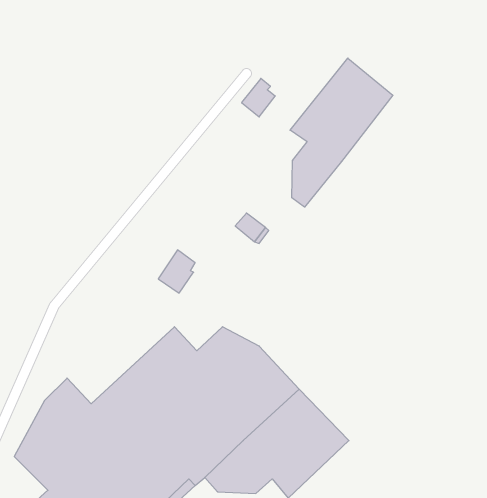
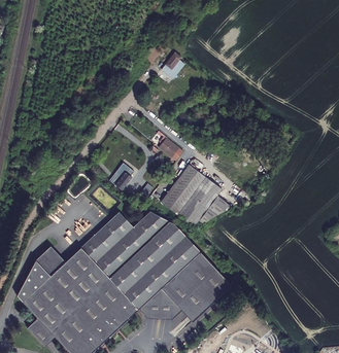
building: [290,58,393,207] -> none
building: none -> [160,164,230,225]

